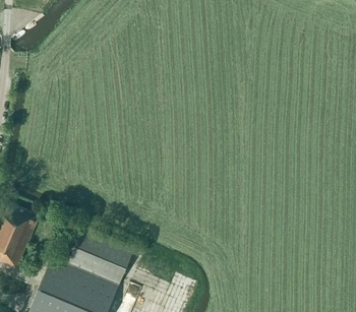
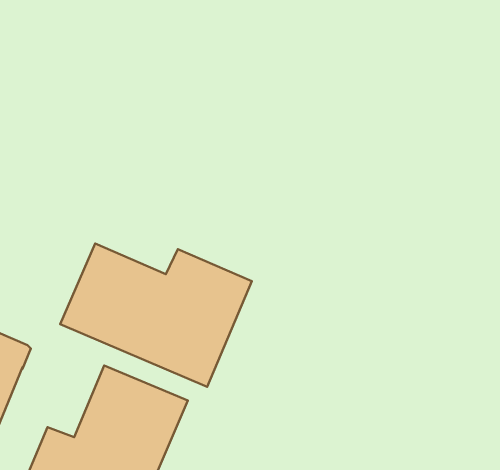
building: none -> [60,243,252,387]

